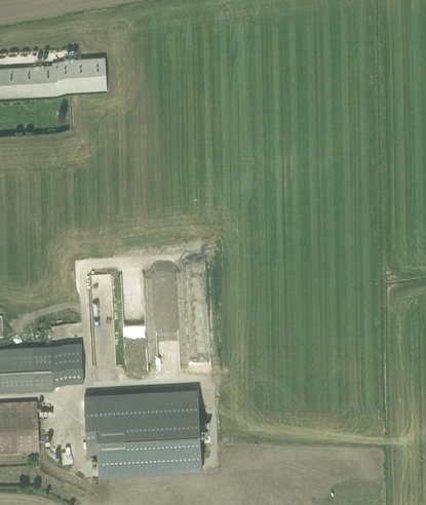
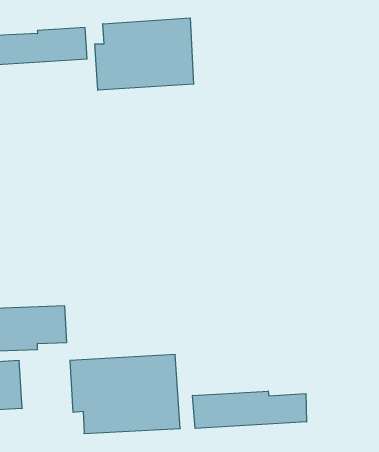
building: none -> [95,18,194,90]
building: none -> [193,391,307,428]

